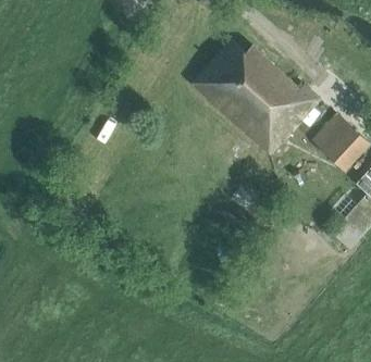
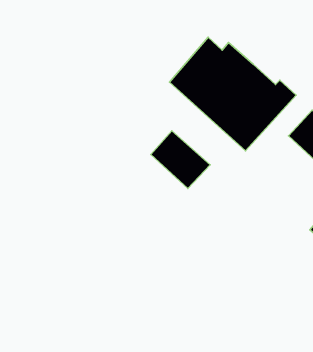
building: none -> [151,131,210,188]

